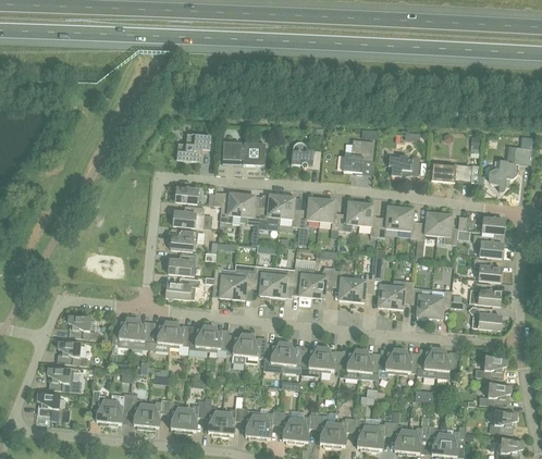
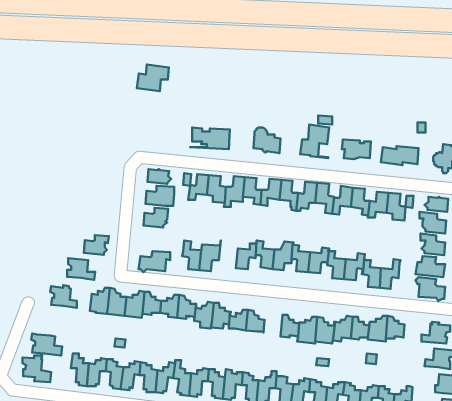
building: [175,132,210,161] -> [137,64,169,91]
building: [168,252,195,274] -> [84,235,109,255]
building: [252,264,273,295] -> none
building: [57,340,87,364] -> [67,258,95,280]
building: [300,345,322,374] -> none

